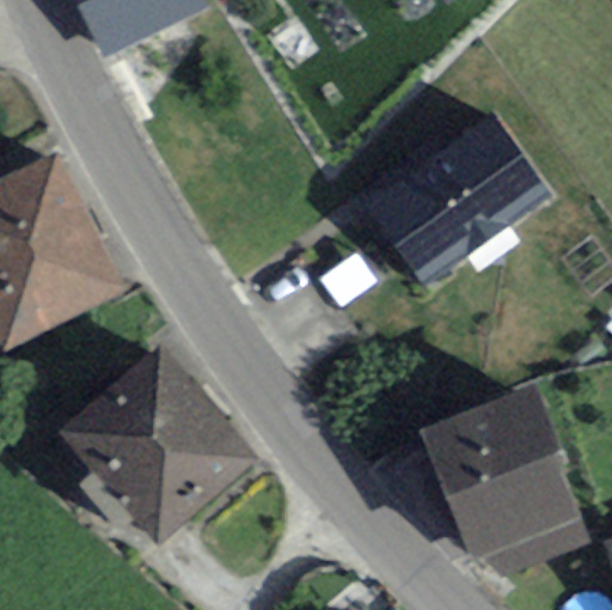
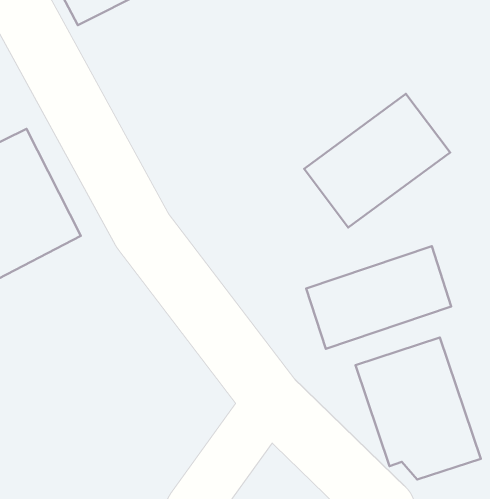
building: none -> [306,246,451,349]
building: [71,360,249,539] -> none

